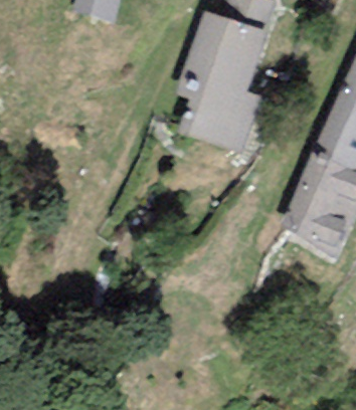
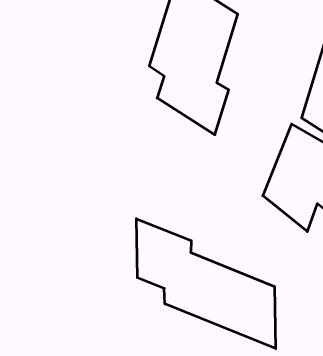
building: none -> [136,219,276,349]

